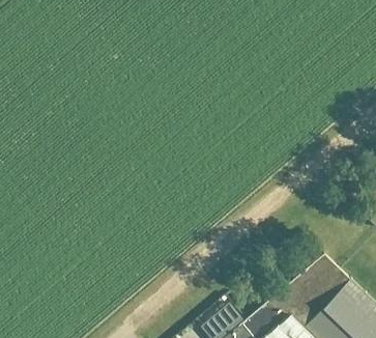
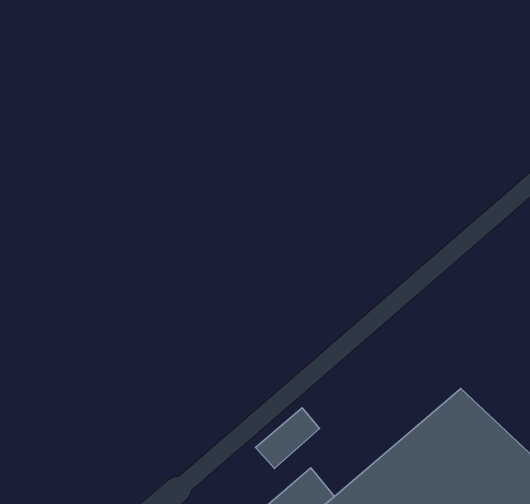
building: none -> [256,408,319,468]

